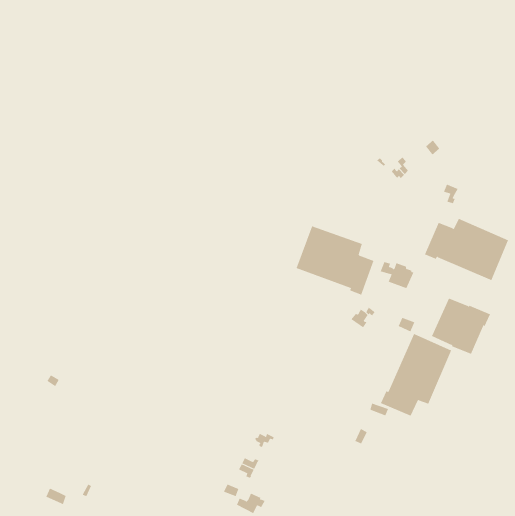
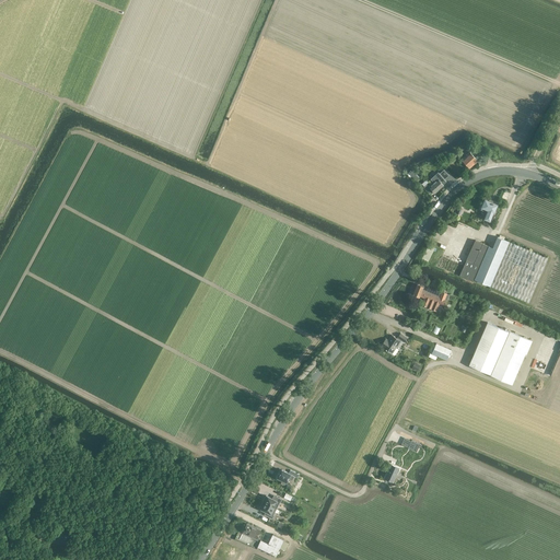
building: [296,225,374,295] -> none
building: [380,333,452,417] -> none

